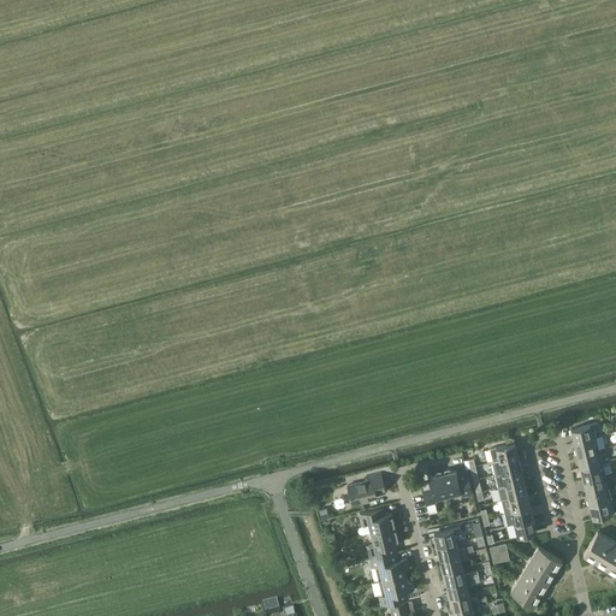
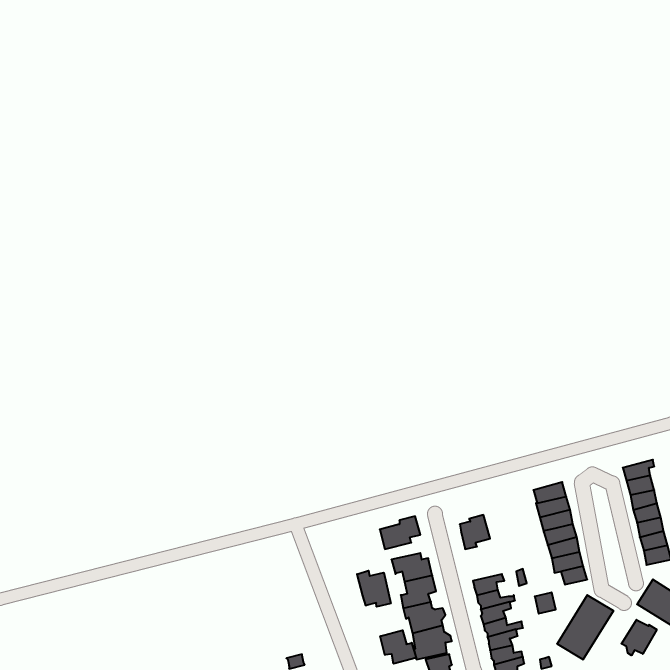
building: [444,469,473,496] -> none
building: none -> [357,571,391,607]
building: none -> [621,620,657,655]
building: none -> [380,630,416,664]

